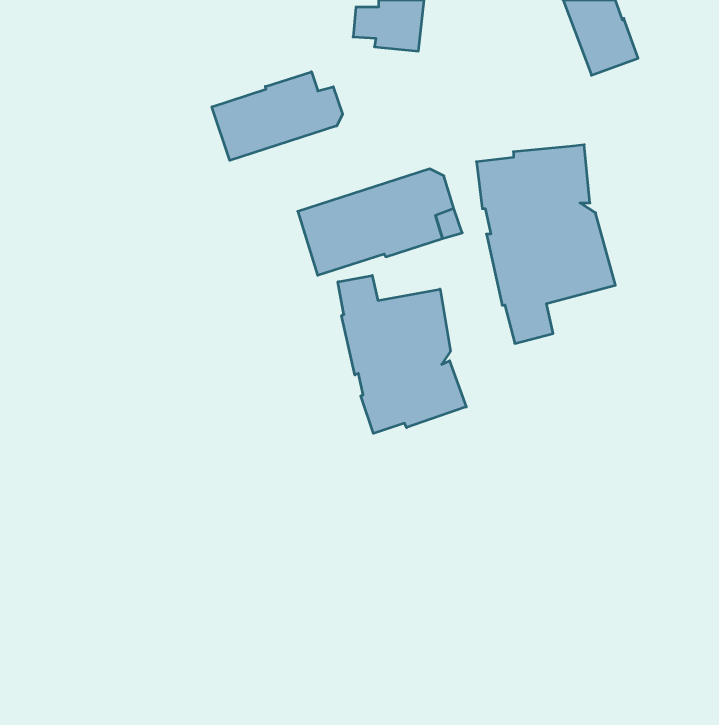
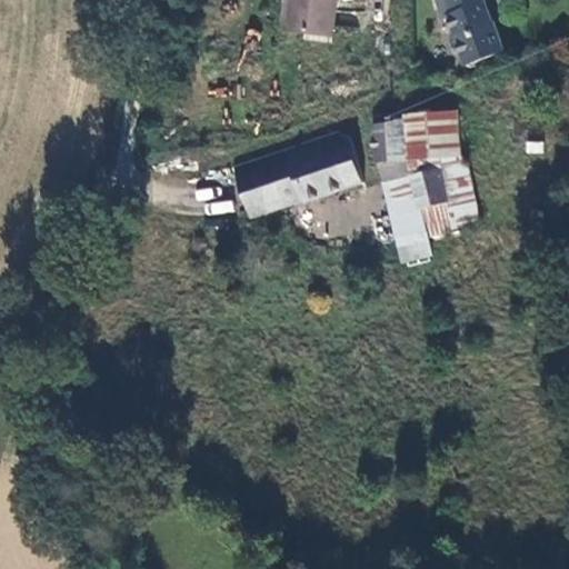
building: [212,72,343,160] -> none
building: [338,275,466,433] -> none

